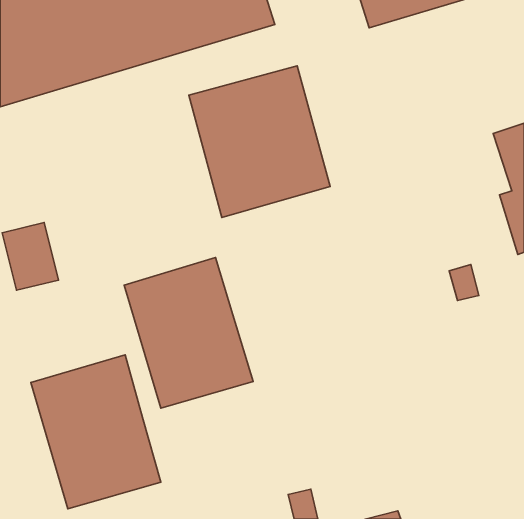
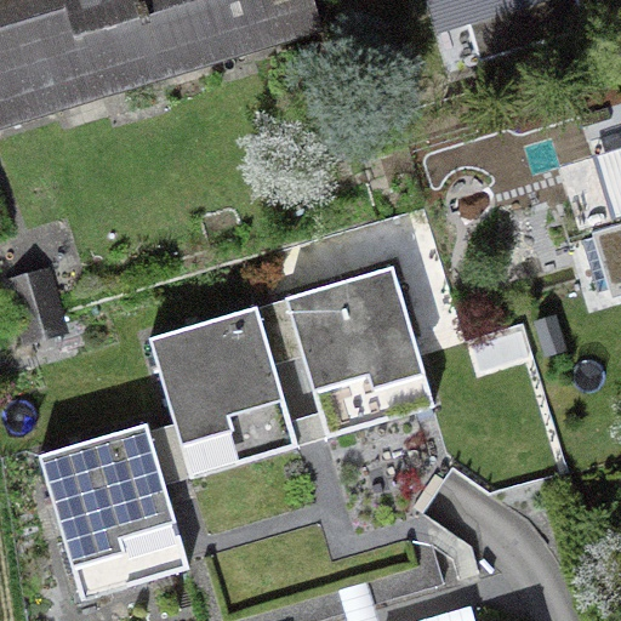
building: [189,66,330,217] -> none
building: none -> [283,261,435,440]

